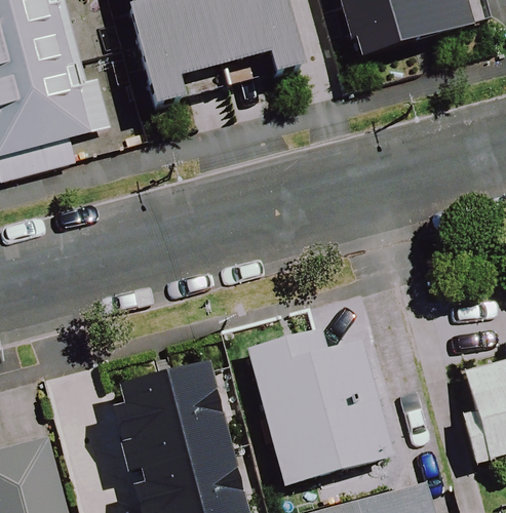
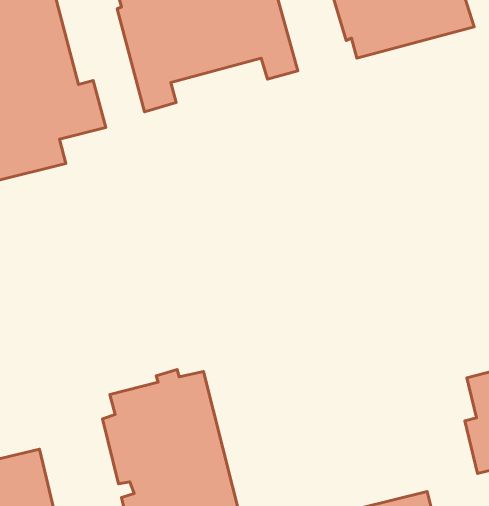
building: [249,329,403,485] -> none

